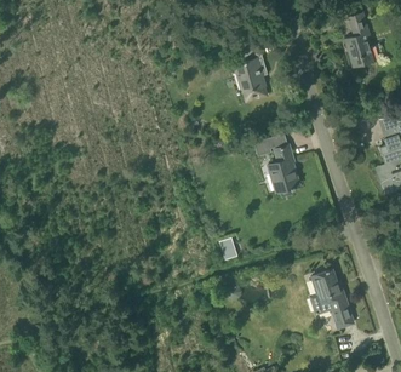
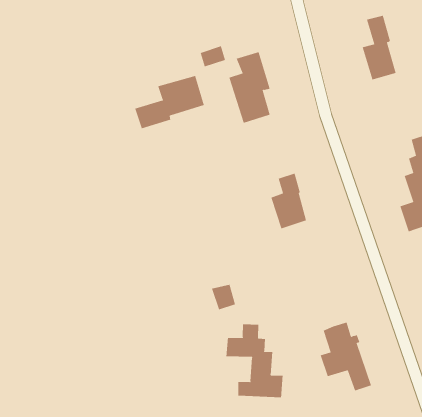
building: none -> [134,75,205,129]
building: none -> [226,323,283,398]

